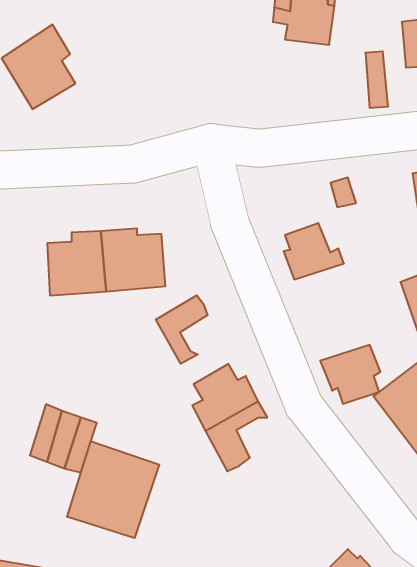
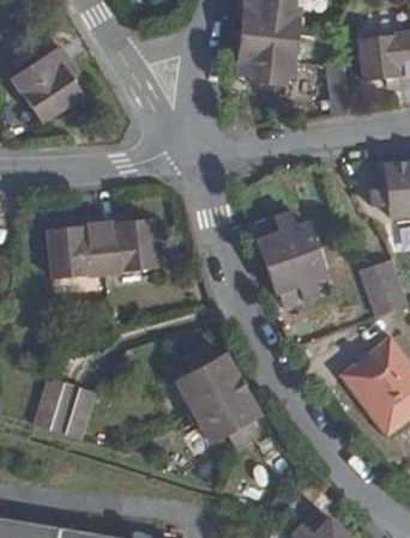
building: none -> [245,38,299,83]
building: [156,295,208,364] -> none
building: [320,345,380,404] -> [267,254,321,307]
building: none -> [216,392,259,452]
building: [67,441,159,538] -> none

